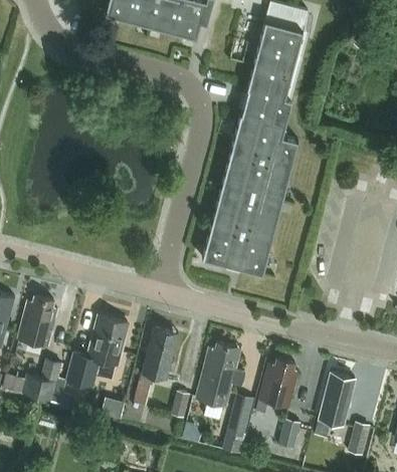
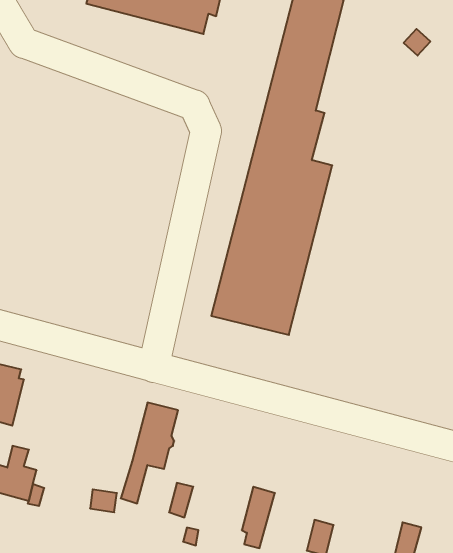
building: [65,317,128,389] -> none
building: [195,343,240,408] -> none
building: [255,360,296,415] -> none
building: [314,374,355,440] -> none

